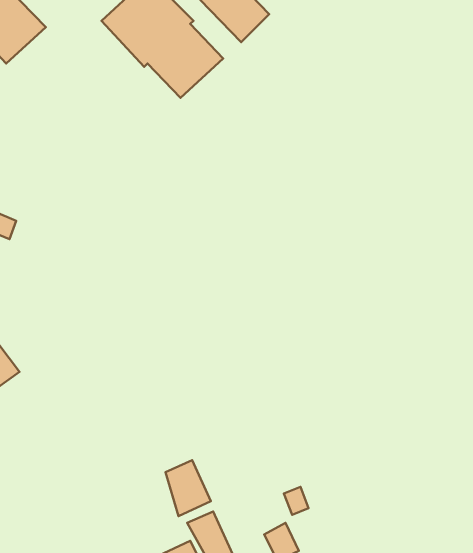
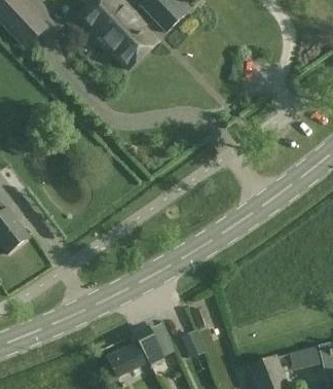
building: [166,460,211,516] -> none

